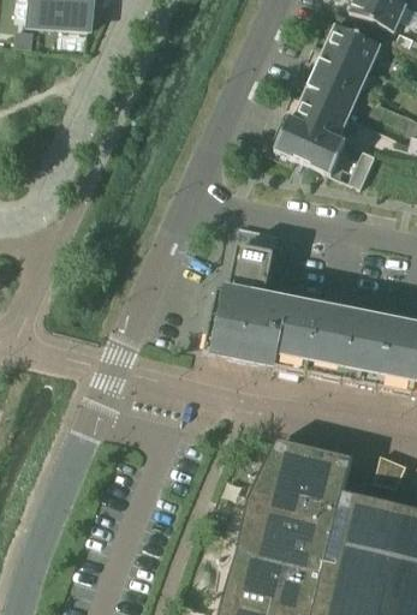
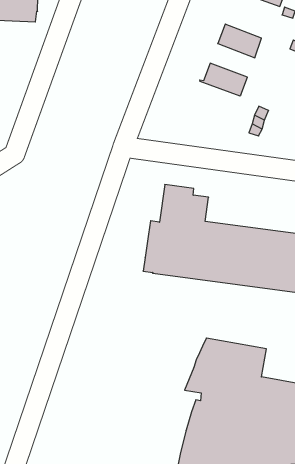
building: [324,23,381,67] -> none
building: [303,71,359,115] -> none
building: [274,117,346,173] -> none

